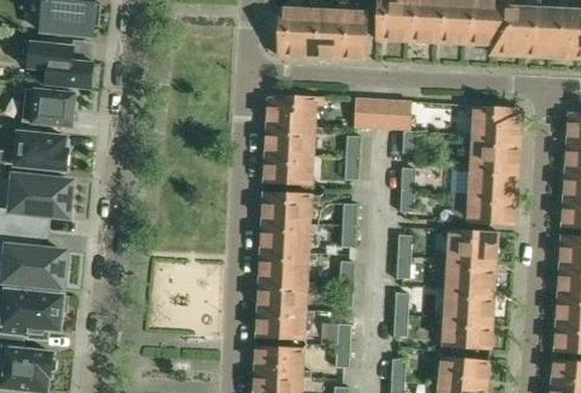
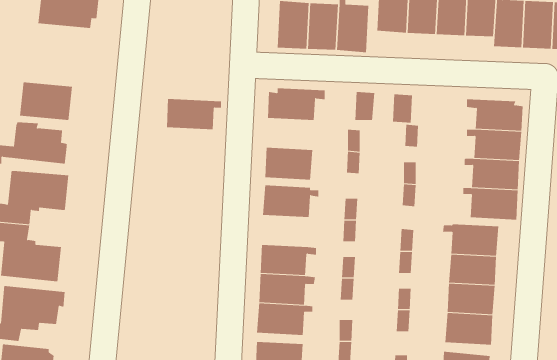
building: [14,40,96,90] -> none
building: [266,125,321,156] -> [166,98,222,130]
building: [261,221,318,252] -> none

